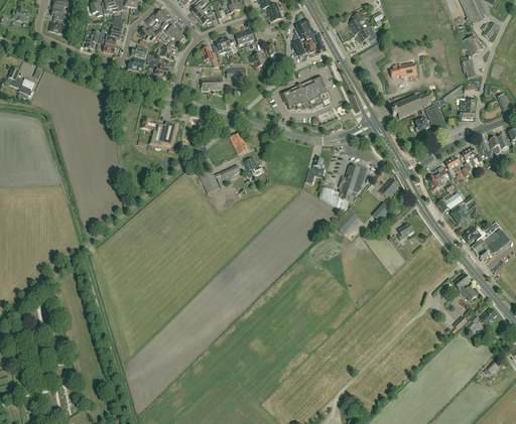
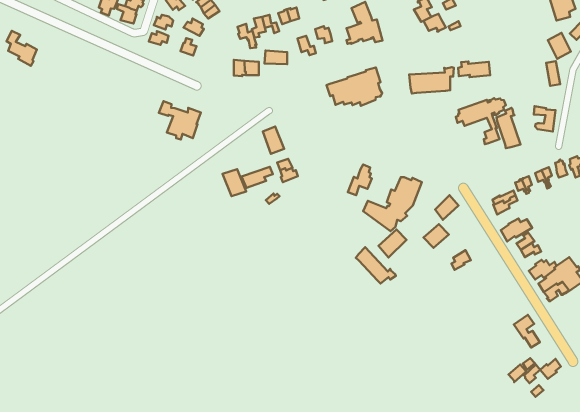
building: none -> [409,67,454,93]
building: none -> [356,247,396,283]

